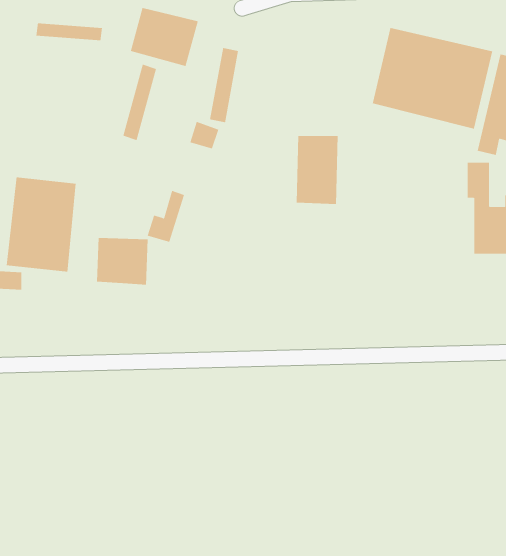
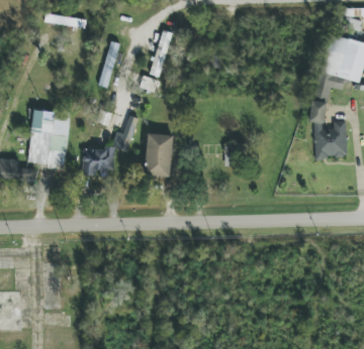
building: [130,7,198,67] -> none
building: [372,27,493,130] -> none
building: [296,136,338,204] -> [146,134,172,177]

